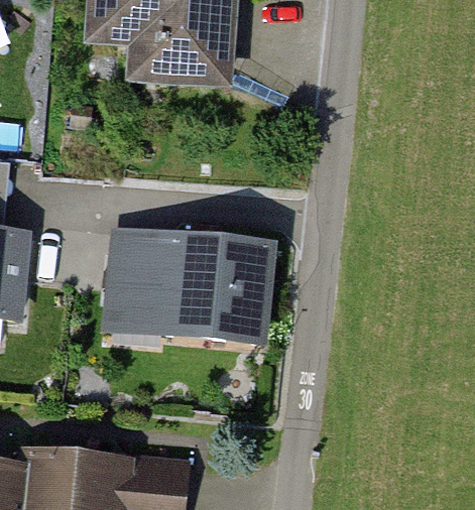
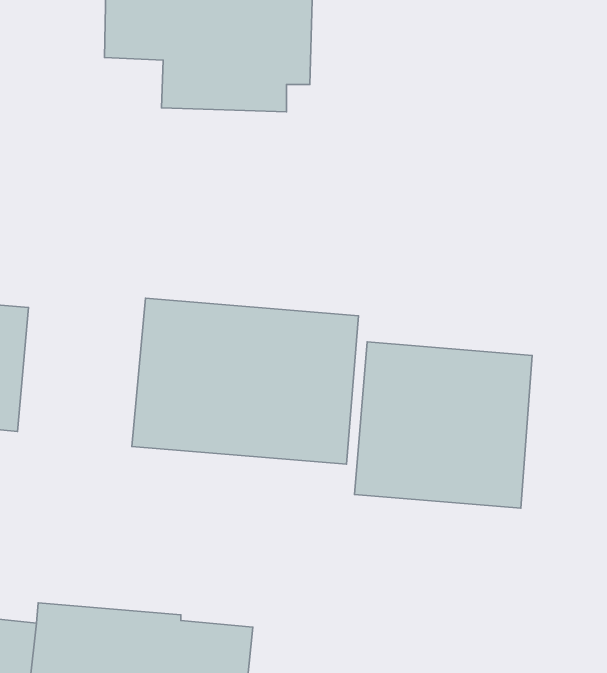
building: none -> [354,342,532,508]

